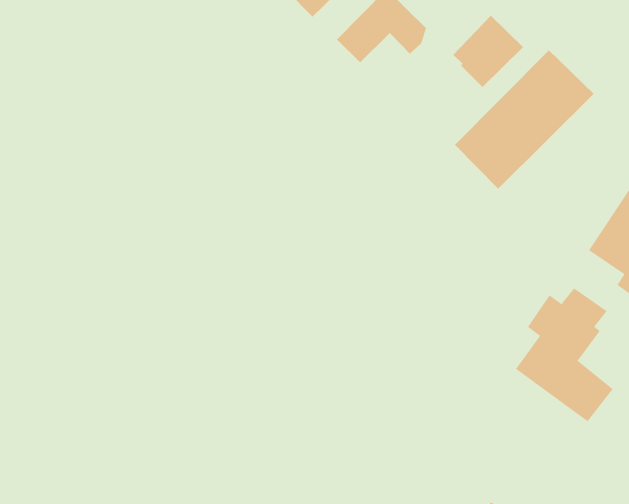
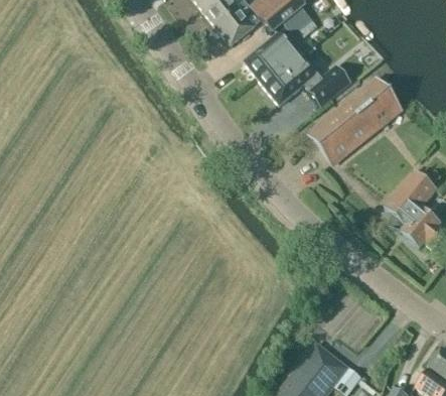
building: none -> [259,57,309,103]
building: [515,287,613,422] -> none

